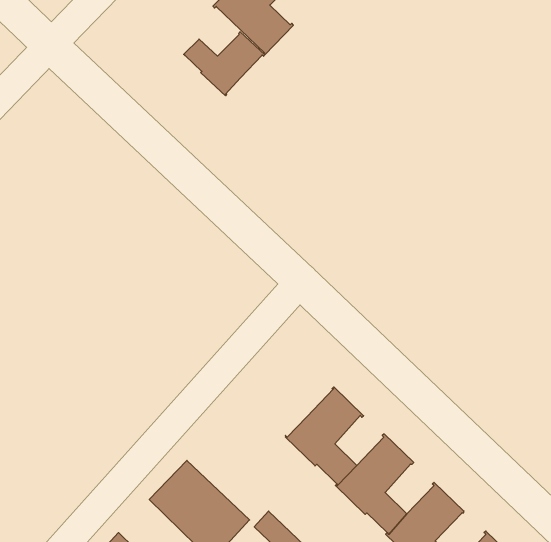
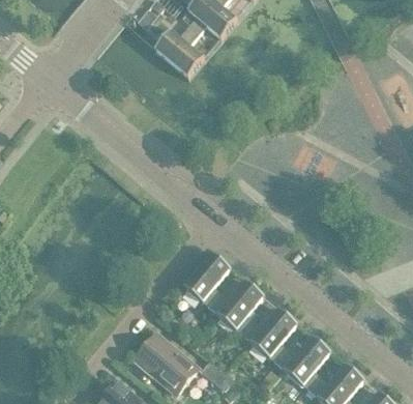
building: [184,32,265,96] -> none
building: none -> [181,251,230,312]

